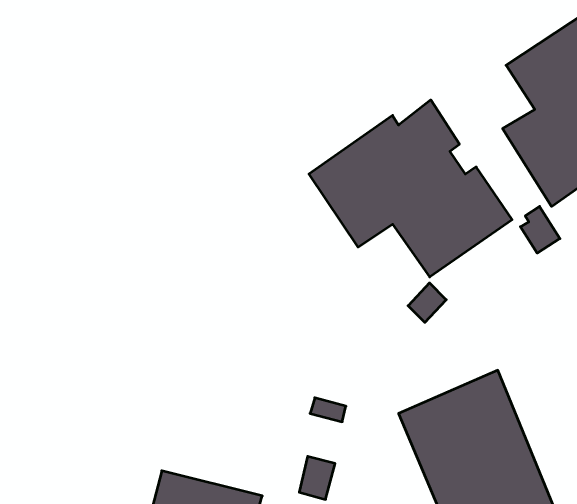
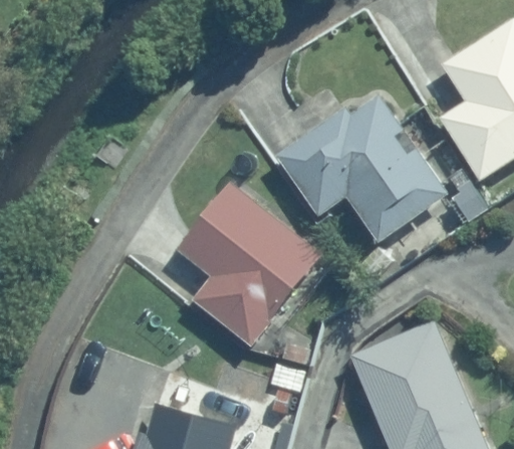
building: none -> [175,183,320,347]

